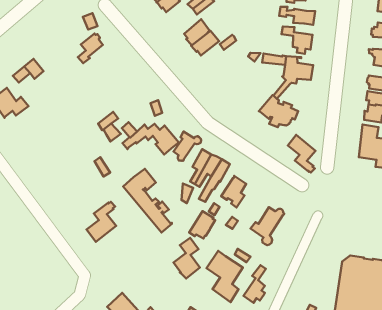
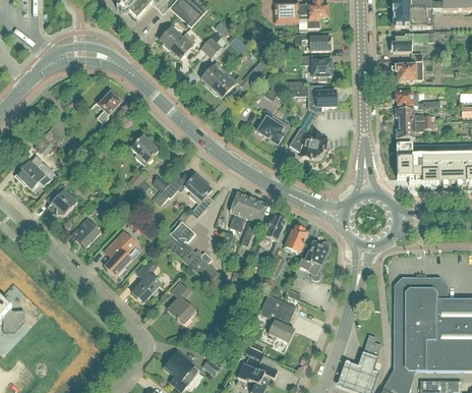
building: none -> [257,110,289,144]
building: none -> [131,134,160,166]
building: none -> [48,183,78,216]
building: [174,132,201,161] -> none
building: [288,135,316,172] -> none
building: none -> [71,218,102,248]
building: none -> [105,231,137,277]
building: [189,211,215,239] -> [284,225,308,252]
building: [173,238,200,278] -> [168,282,195,324]
building: [243,265,266,303] -> none

